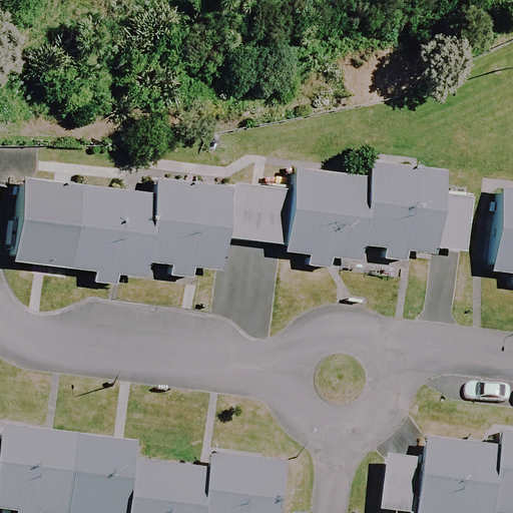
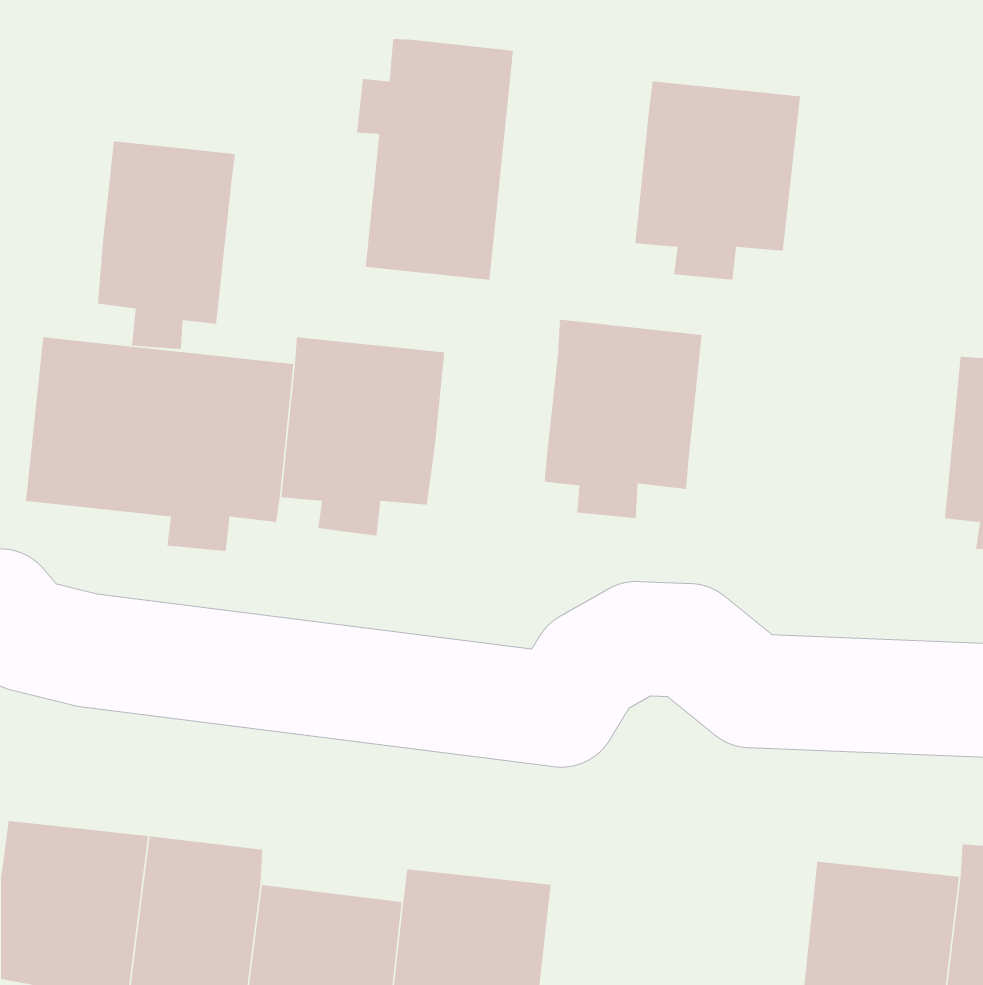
building: none -> [357,38,513,280]
building: none -> [97,141,236,350]
building: [360,158,446,262] -> [634,81,801,280]
building: [228,179,292,239] -> none

